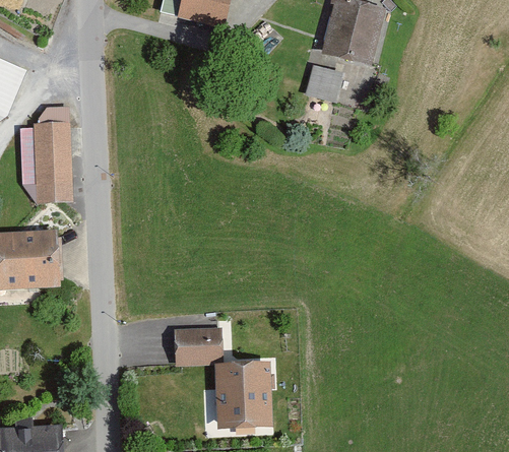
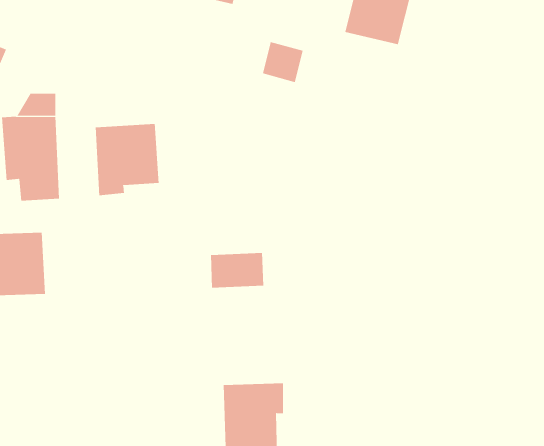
building: [307,65,343,102] -> [262,41,304,83]
building: none -> [95,123,159,196]
building: [175,329,222,361] -> [210,253,264,288]

